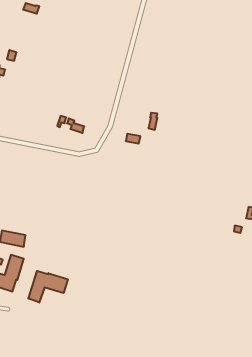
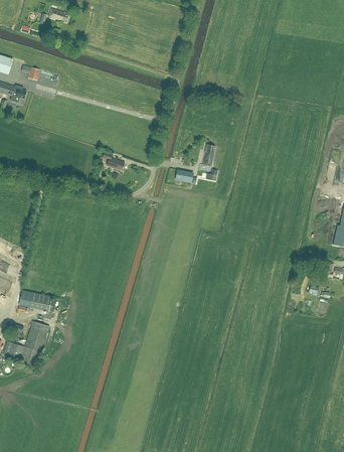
building: [28,271,68,303] -> none

